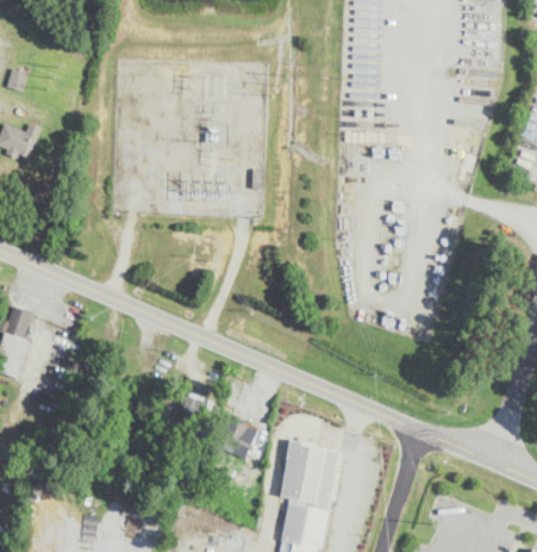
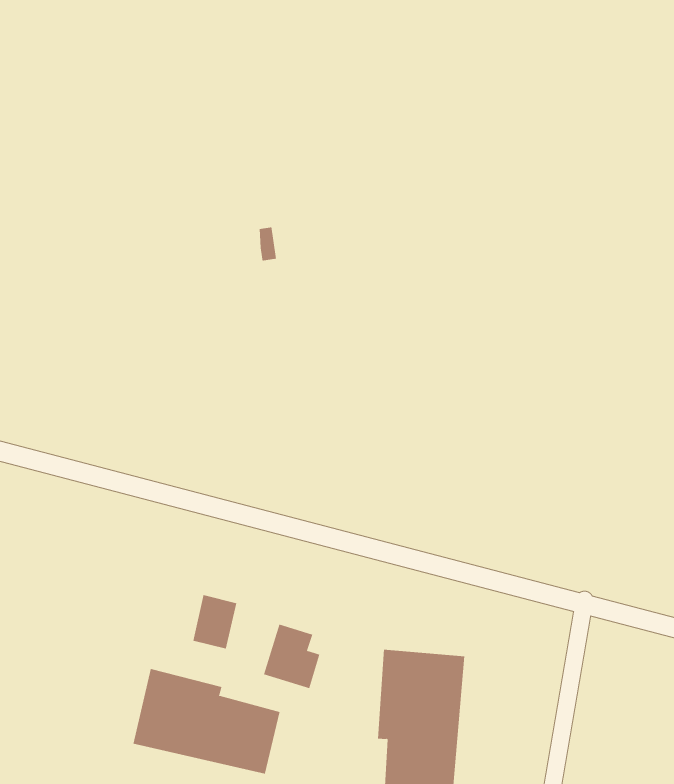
building: none -> [133,668,280,775]

